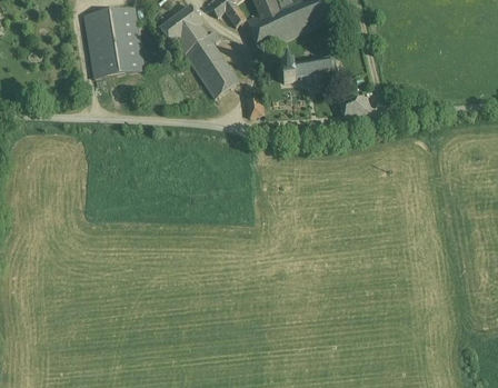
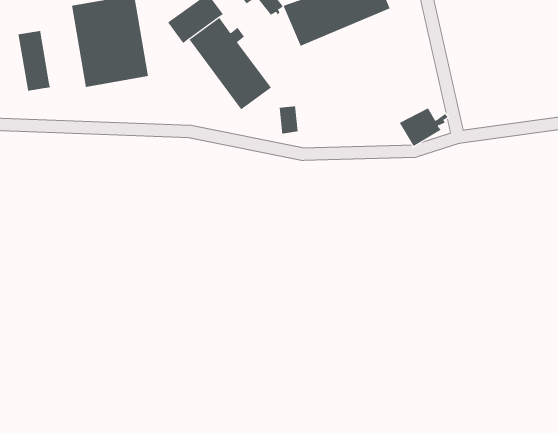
building: none -> [18,30,50,92]
building: [283,57,341,87] -> none

